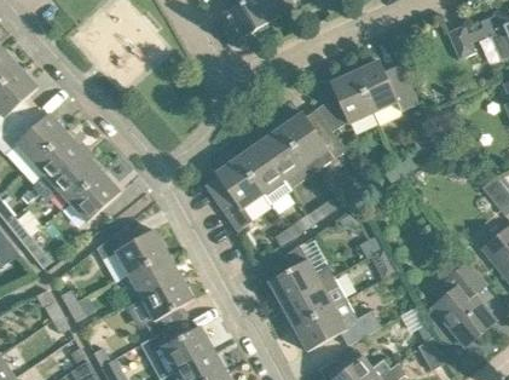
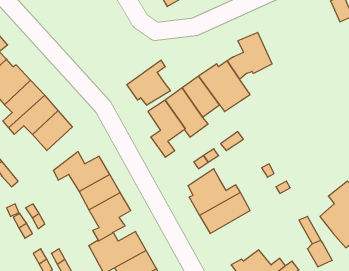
building: [354,59,418,111] -> none
building: none -> [127,60,170,105]
building: [294,298,381,351] -> none

